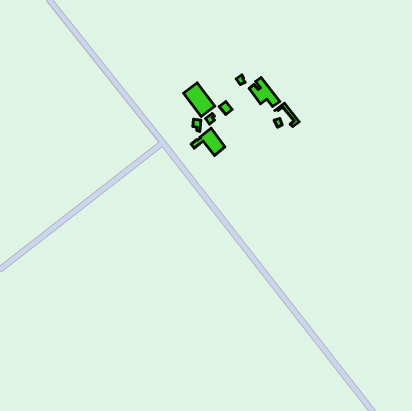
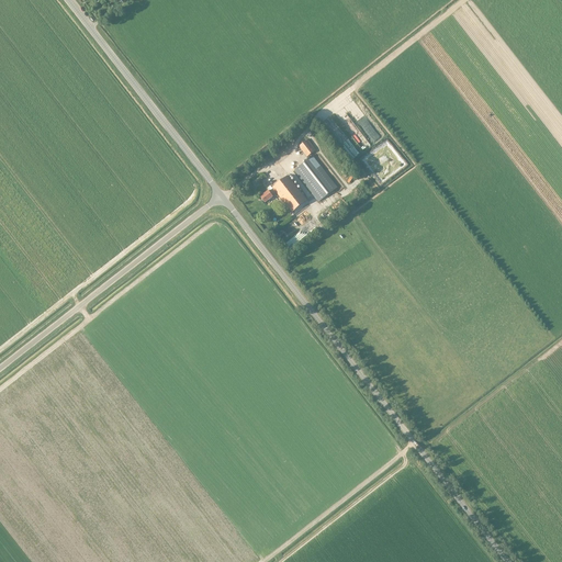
building: [183,83,215,117] -> [294,155,337,201]

